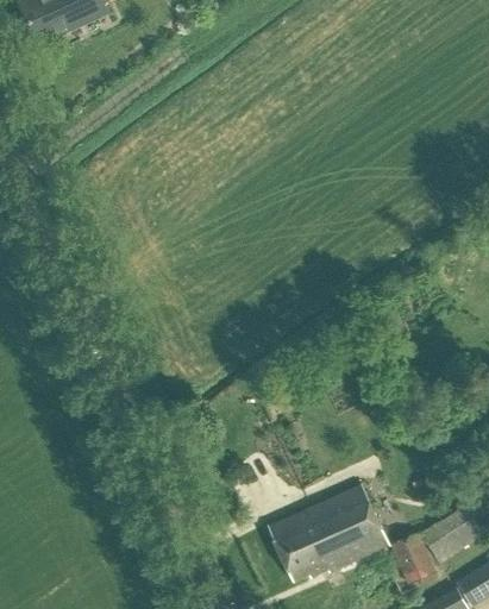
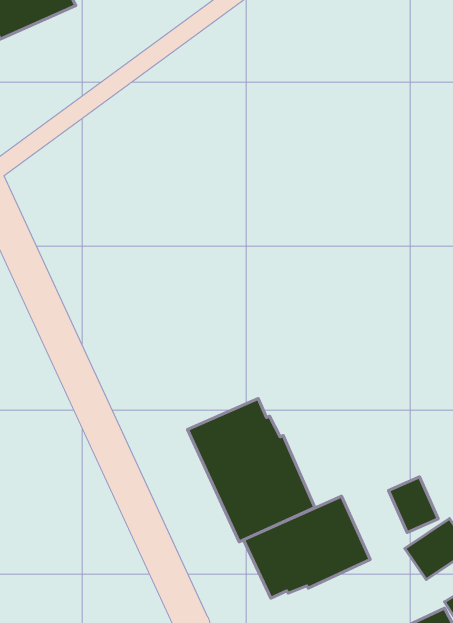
building: none -> [188,399,315,542]
building: [387,532,434,585] -> [389,477,438,533]

